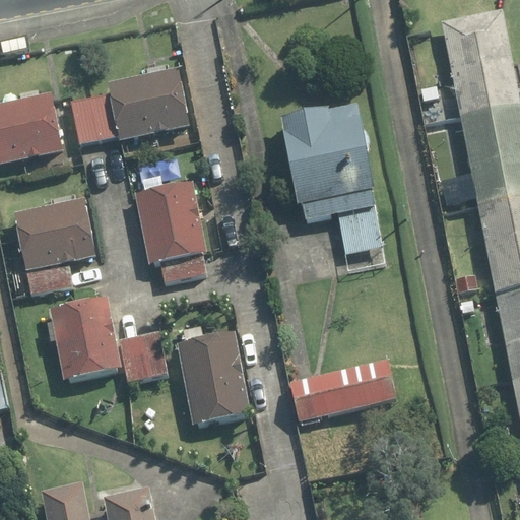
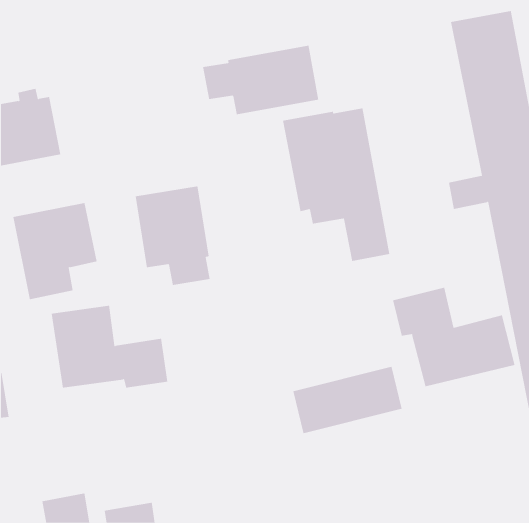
building: none -> [203,45,319,115]
building: [70,67,190,143] -> none
building: none -> [392,287,515,387]
building: [175,331,250,426] -> none

